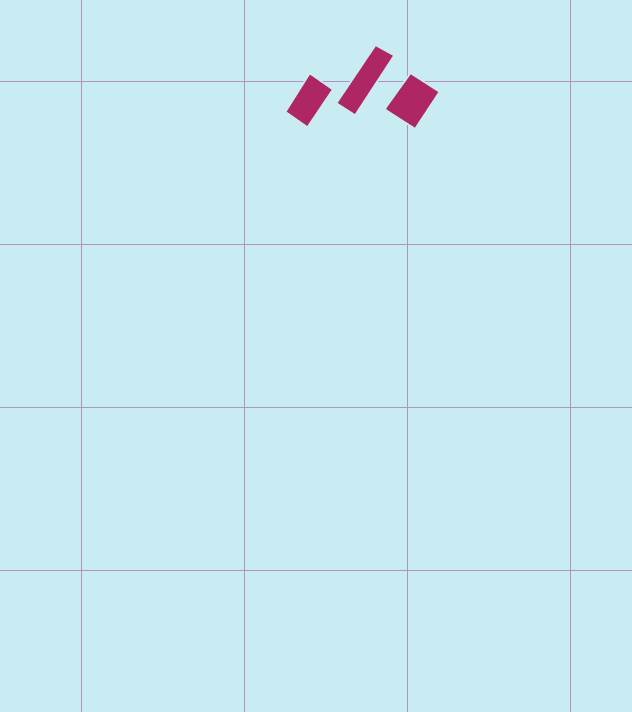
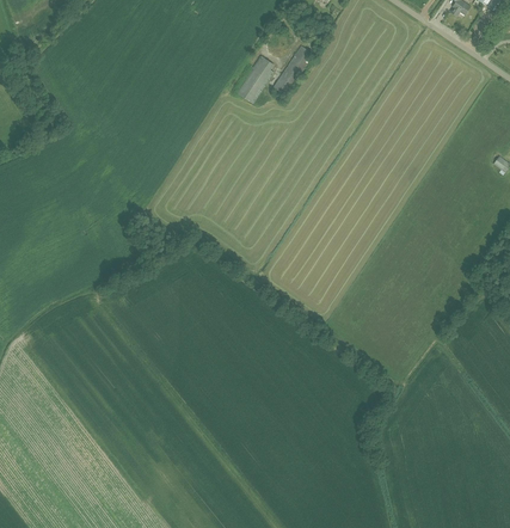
building: [385,73,439,129] -> none

